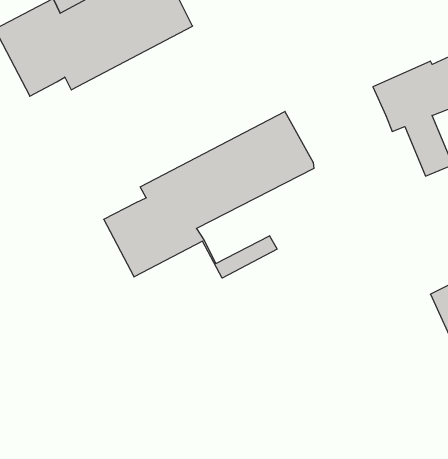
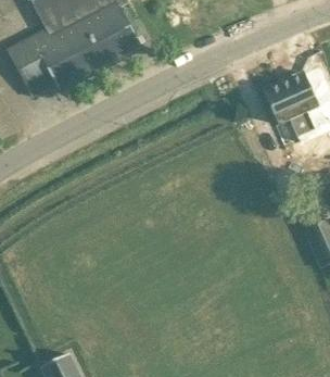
building: [104,111,314,278] -> none

